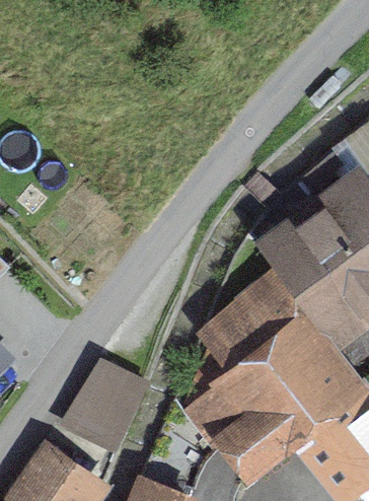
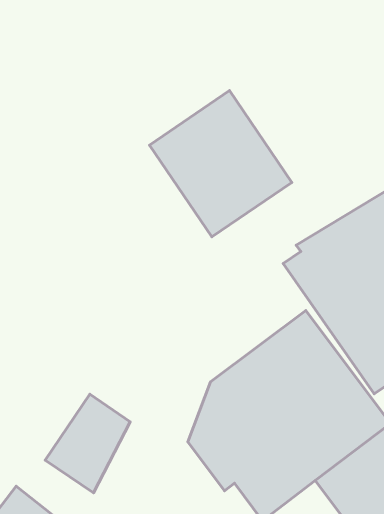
building: none -> [149,91,292,237]

